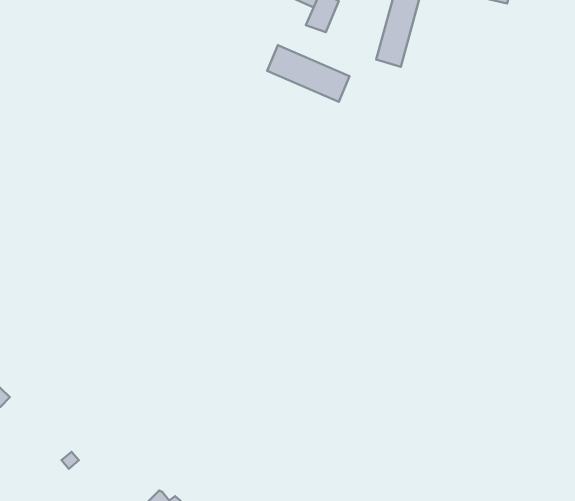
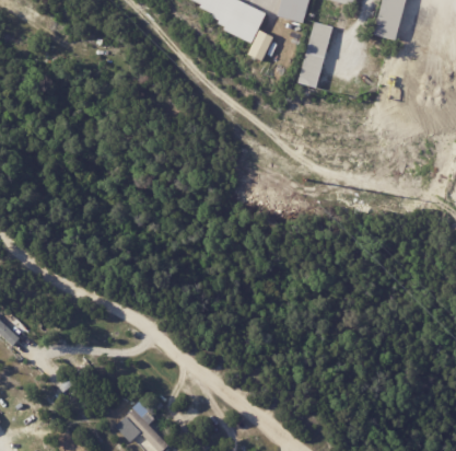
building: [267,45,349,102] -> none

